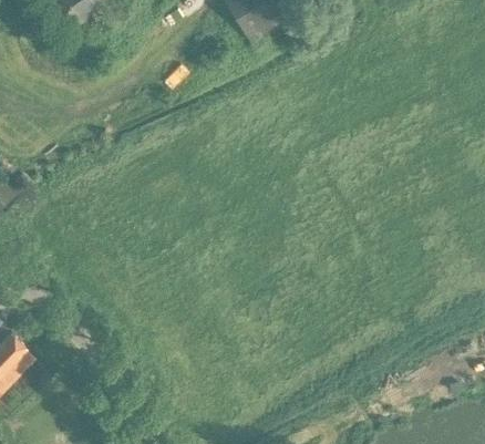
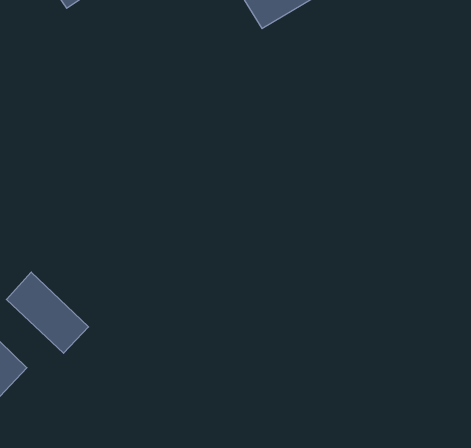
building: none -> [6,272,89,353]

